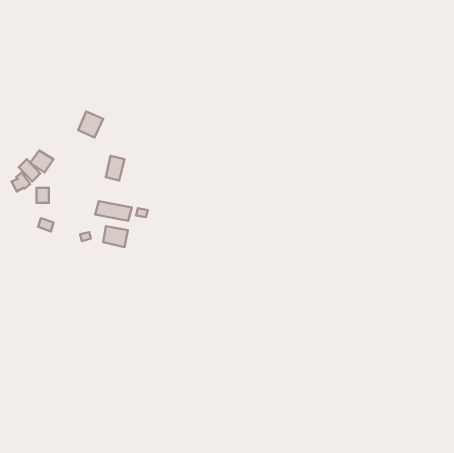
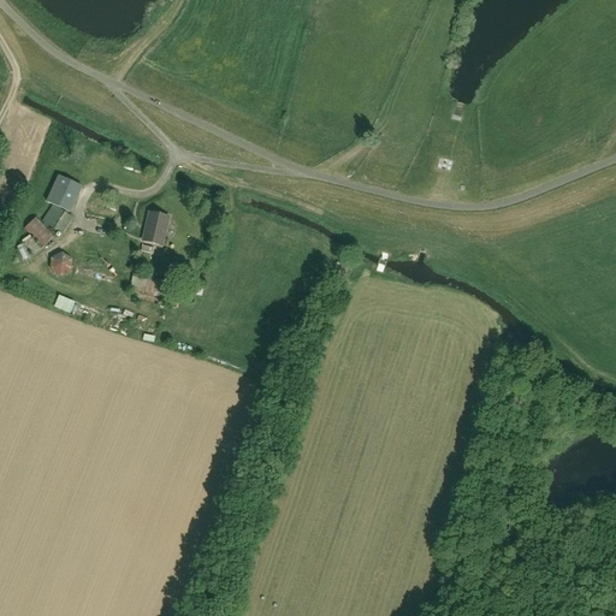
building: [78,112,103,137] -> [48,174,82,209]
building: [103,226,128,247] -> none

